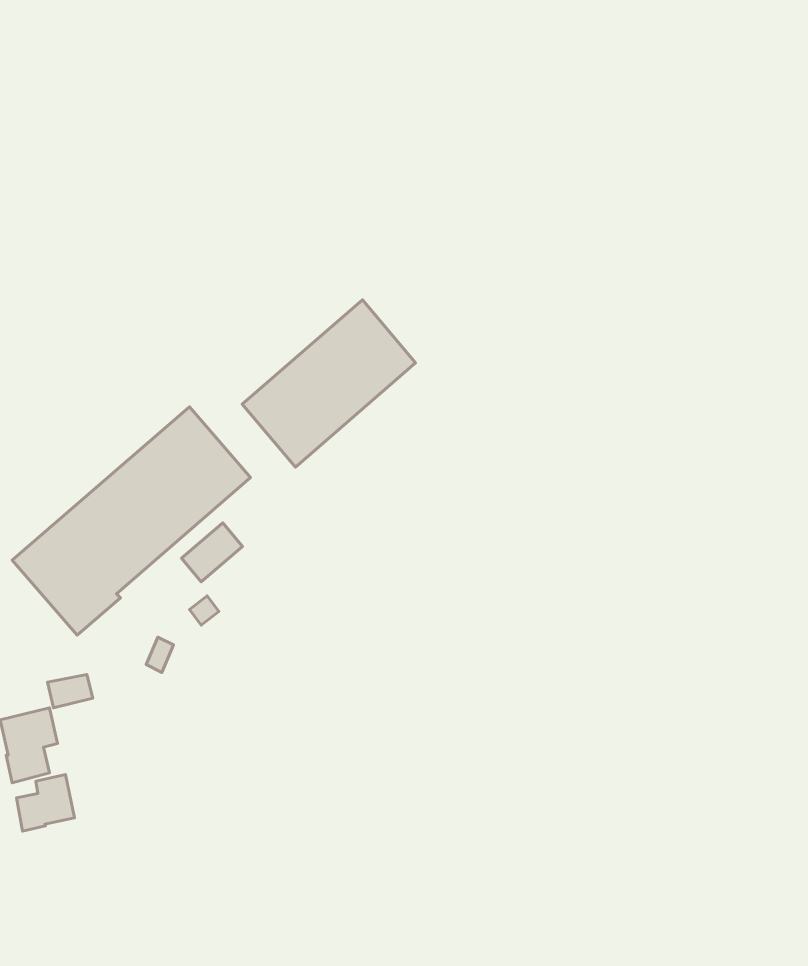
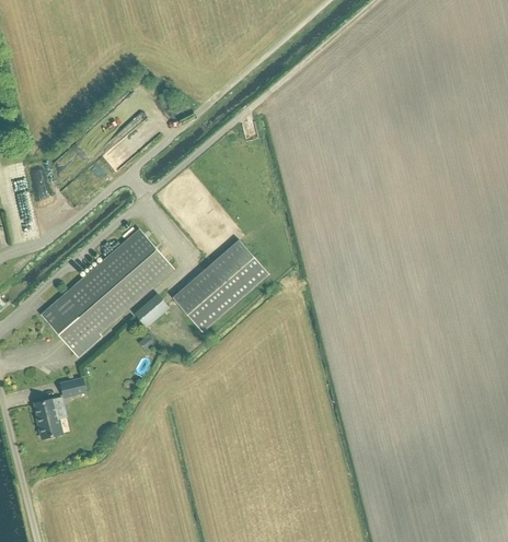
building: [242,300,416,467] -> [172,239,268,332]
building: [16,774,74,831] -> none

